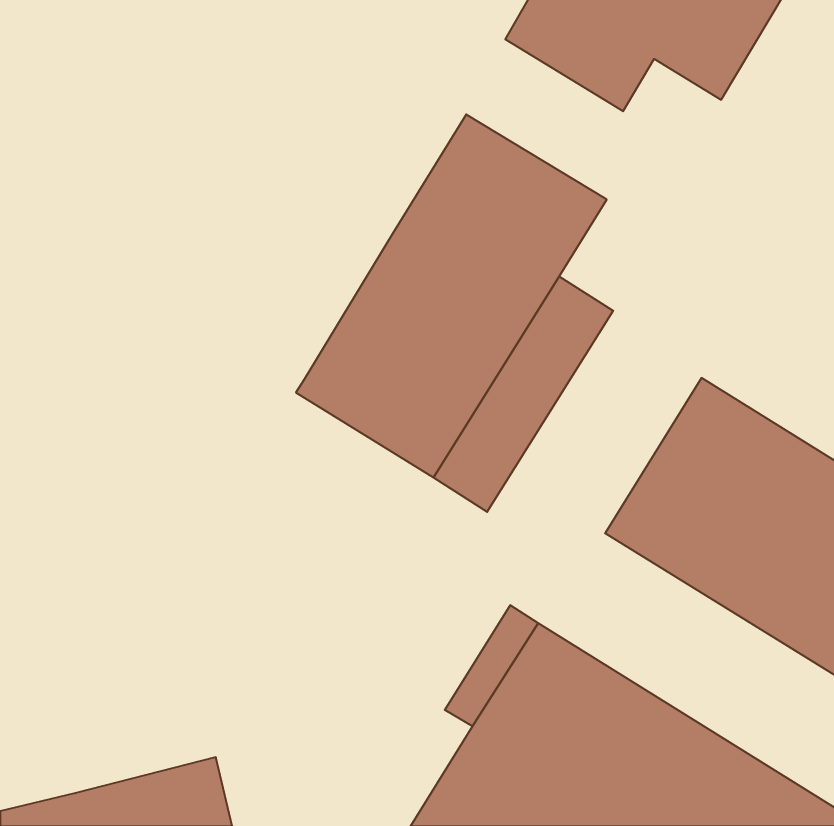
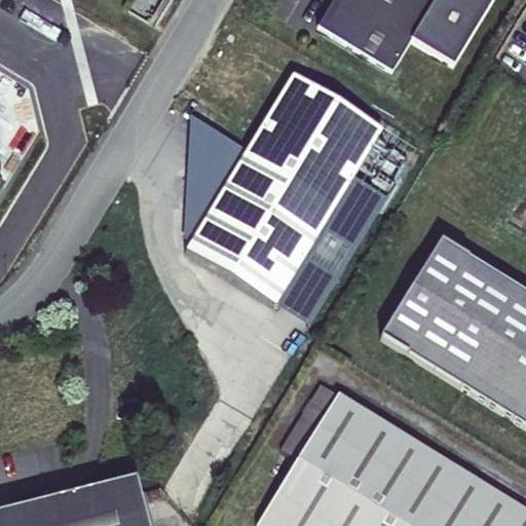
building: none -> [183,112,248,238]

